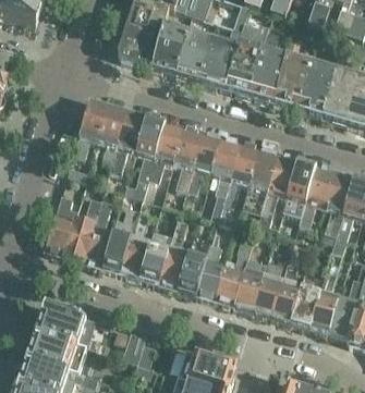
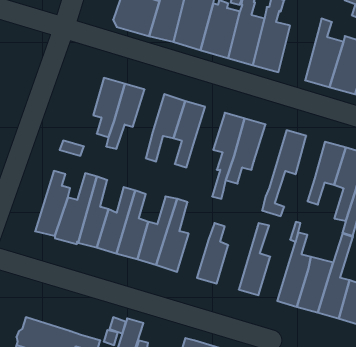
building: [272,37,313,108] -> none
building: [73,100,109,158] -> none
building: [125,116,166,196] -> none
building: [186,133,222,192] -> none
building: [245,149,280,209] -> none
building: [283,160,316,240] -> none
building: [178,241,212,293] -> none
building: [215,242,253,304] -> none
building: [254,259,287,315] -> none
building: [36,305,96,346] -> none

